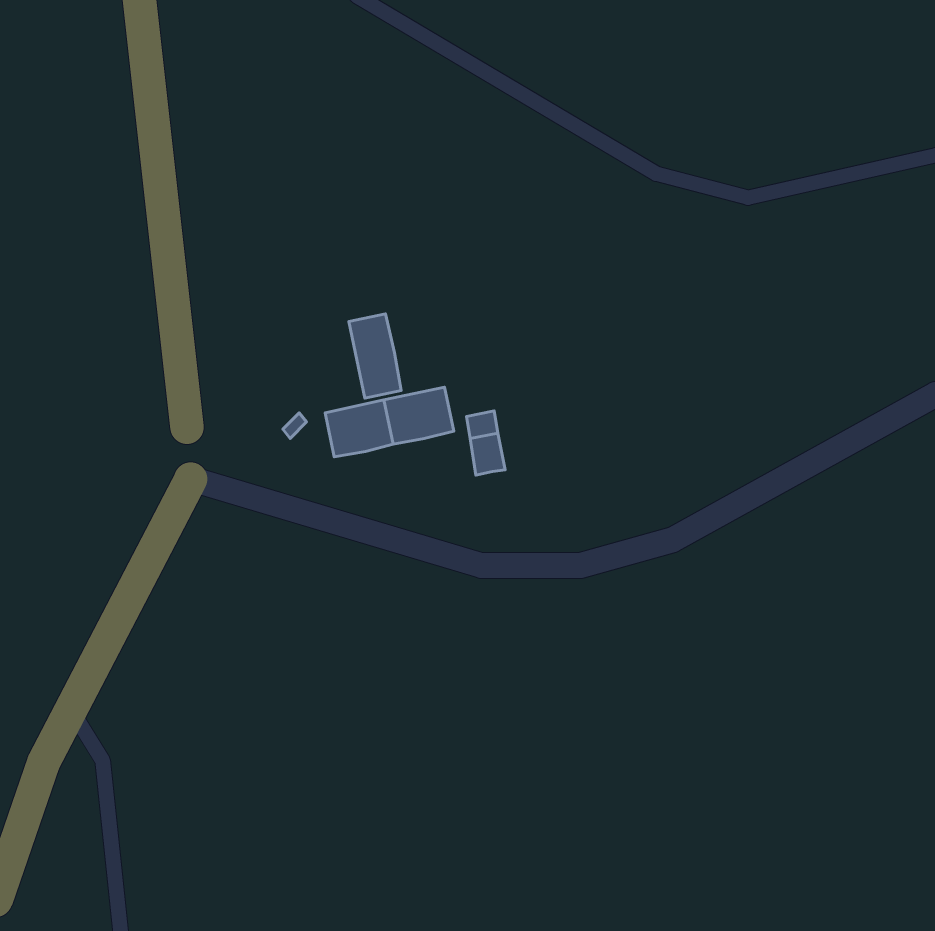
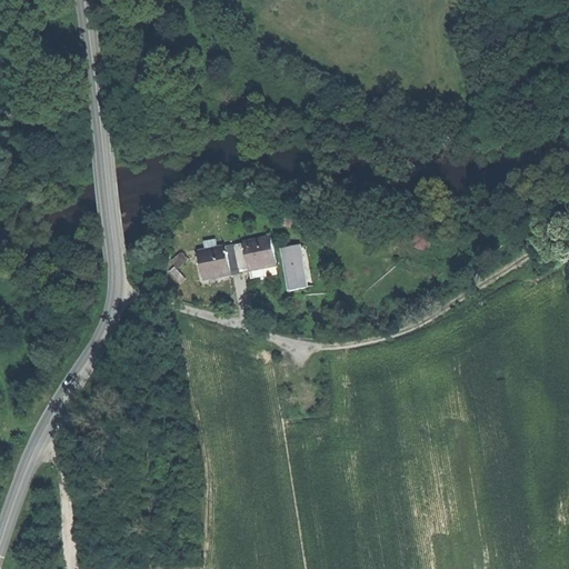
building: [349,314,401,398] -> none

